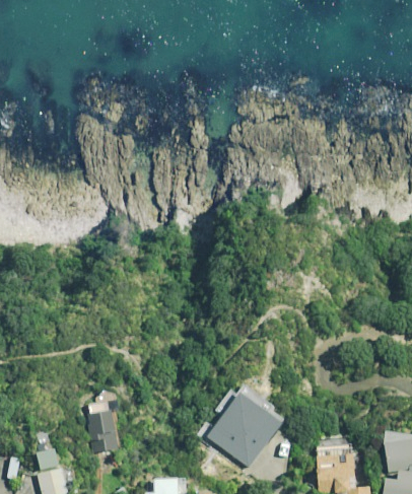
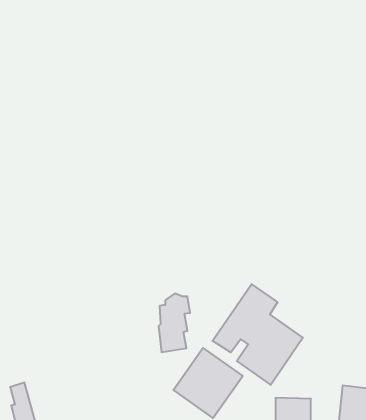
building: none -> [212,284,303,385]
building: [88,391,122,452] -> [159,293,190,352]

